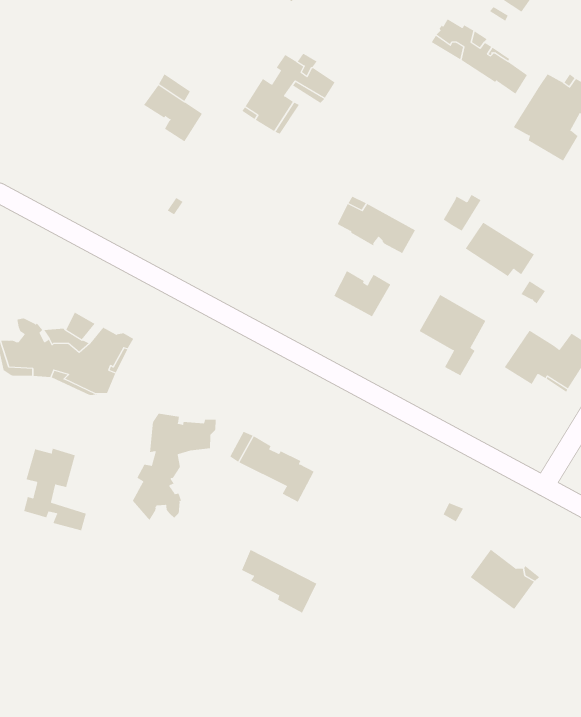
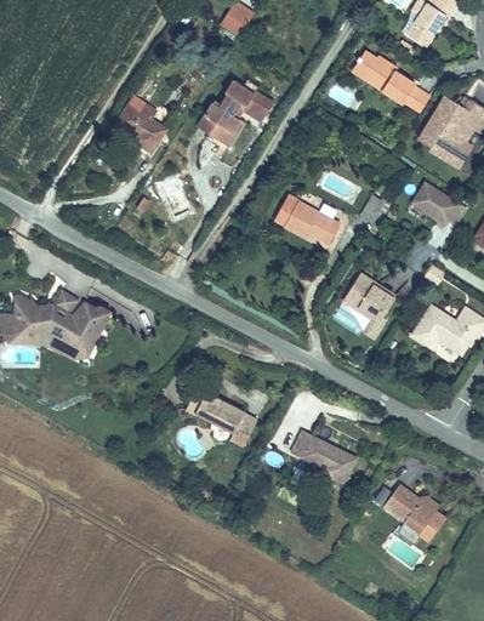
building: [465,222,535,277] -> [410,182,467,227]
building: [333,270,391,317] -> none
building: [132,413,216,521] -> none
building: [23,448,87,531] -> none
building: [241,549,317,613] -> [295,431,357,483]

